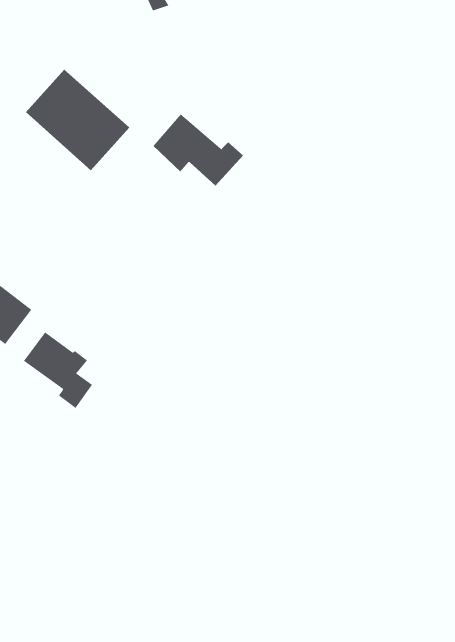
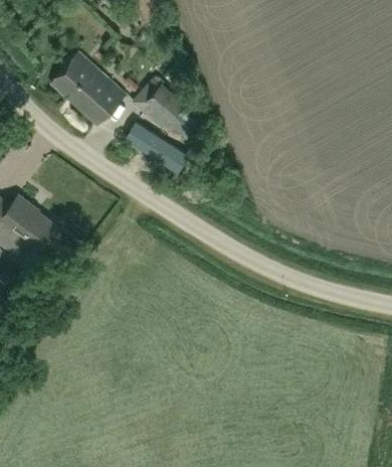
building: none -> [126,122,189,172]
building: [23,332,93,409] -> none

